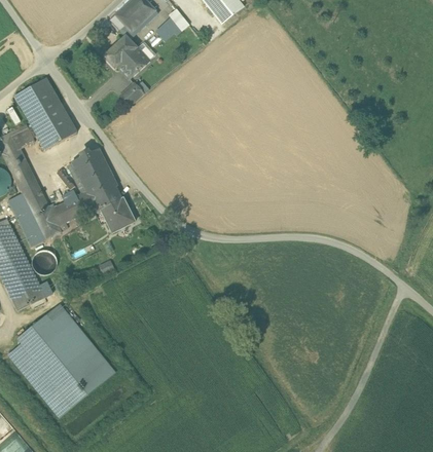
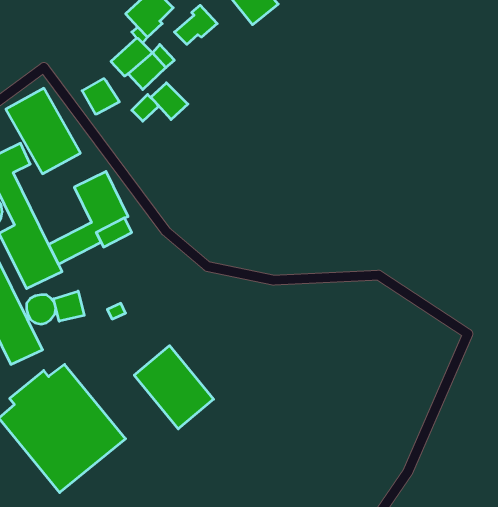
building: none -> [82,79,119,114]
building: none -> [151,83,188,120]
building: [97,197,135,232] -> none
building: none -> [54,291,84,321]
building: none -> [134,346,214,429]

